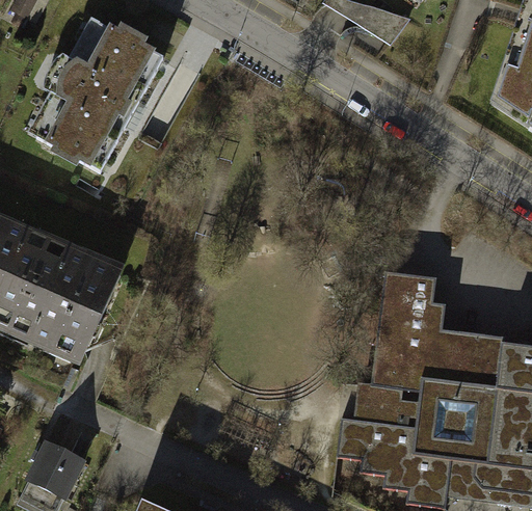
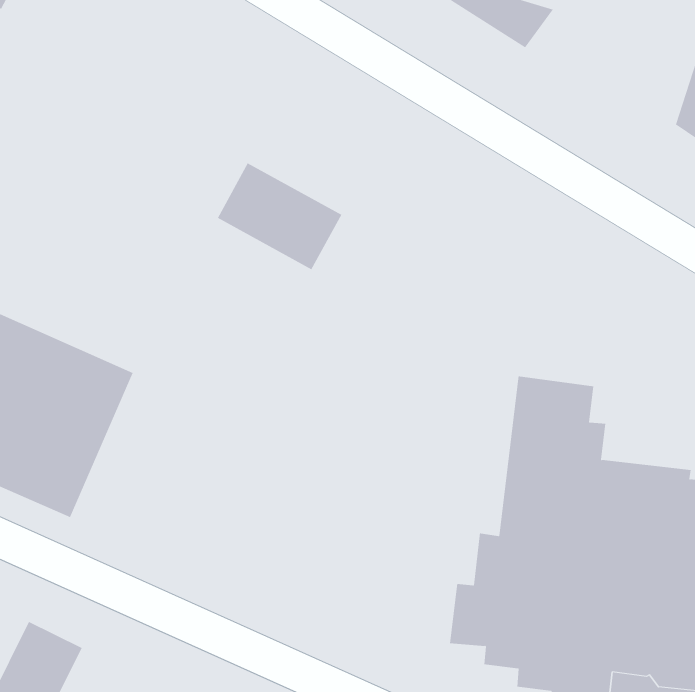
building: [37,22,163,170] -> none
building: none -> [217,163,342,270]

